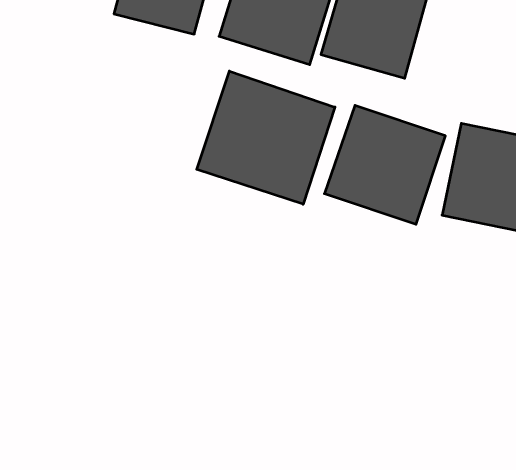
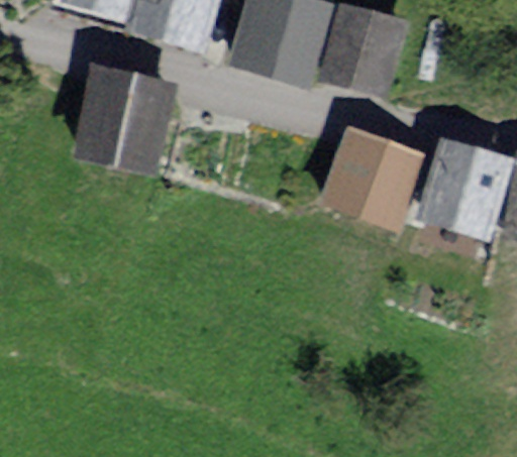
building: none -> [74,75,177,169]
building: [197,71,335,204] -> none

